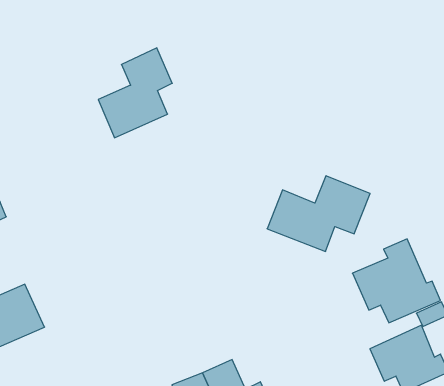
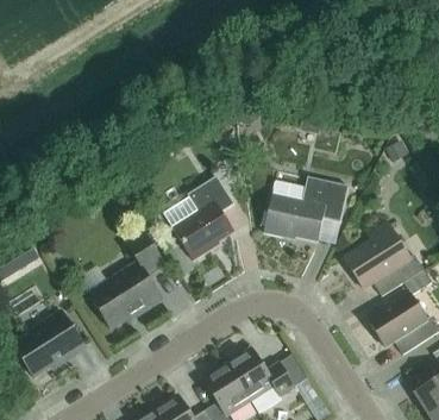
building: [98,48,172,138] -> [173,175,234,258]
building: none -> [88,231,163,327]

